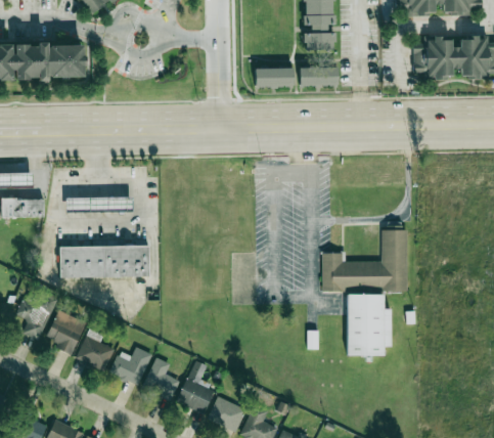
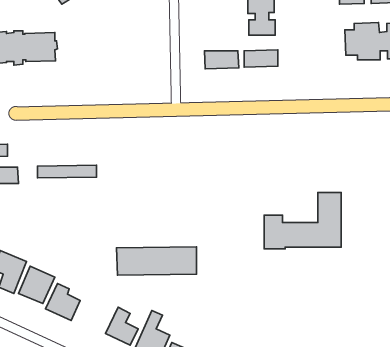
building: [59,246,149,277] -> [117,247,196,275]
building: [347,294,392,355] -> none
building: [109,347,152,386] -> none

